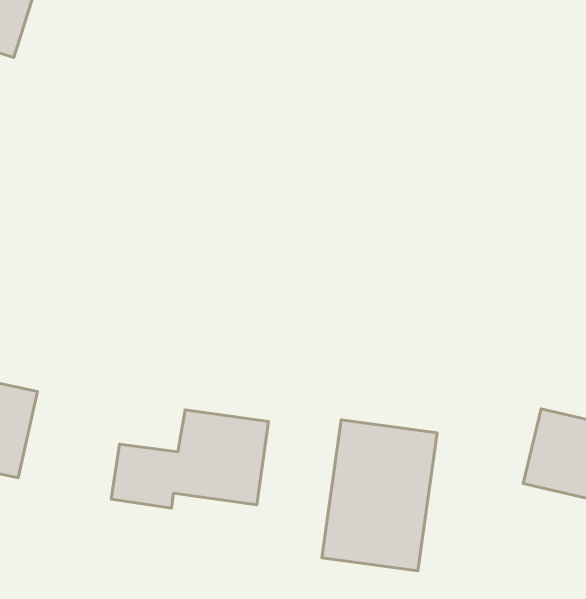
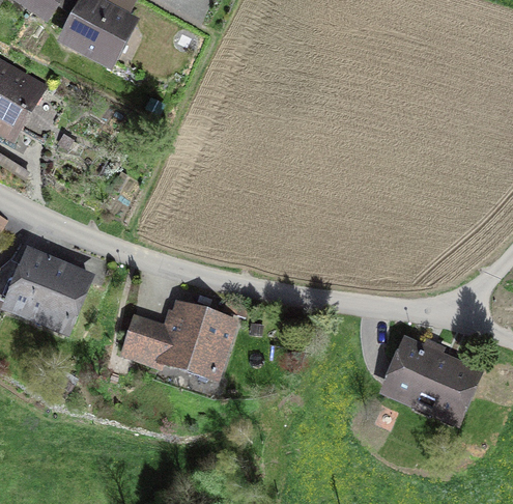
building: [322,420,437,571] -> none

